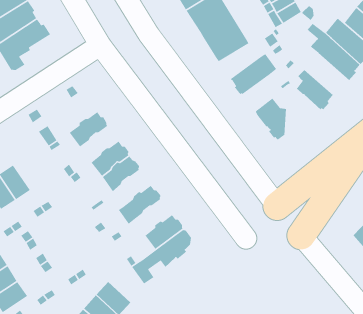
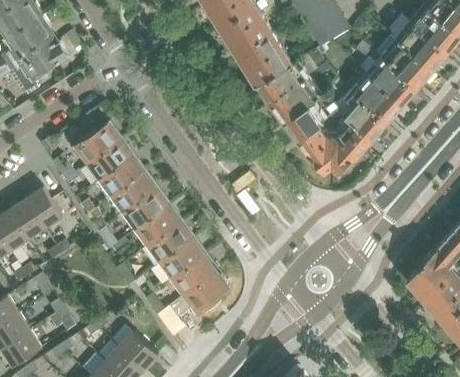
building: none -> [255,60,309,104]
building: none -> [345,75,403,122]
building: none -> [283,100,326,140]
building: none -> [331,122,371,174]
building: none -> [72,124,120,166]
building: none -> [100,157,144,198]
building: none -> [25,188,62,229]
building: none -> [137,206,180,247]
building: none -> [161,239,204,280]

